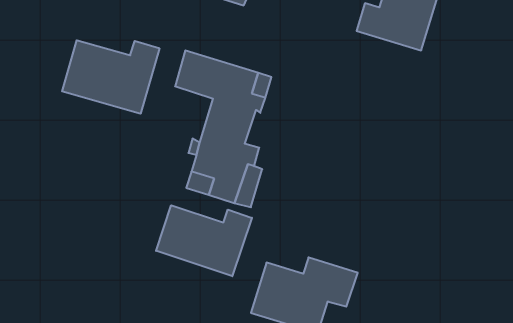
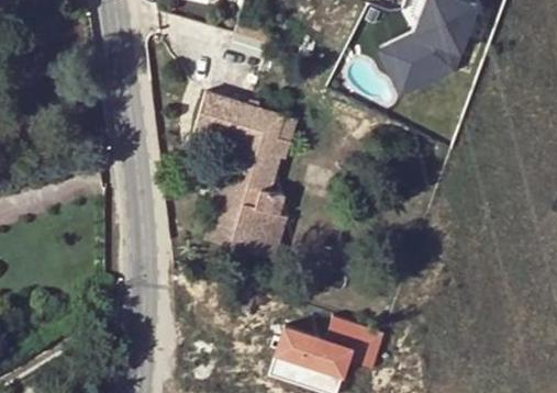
building: [62,40,159,114] -> none
building: [156,205,252,276] -> none

